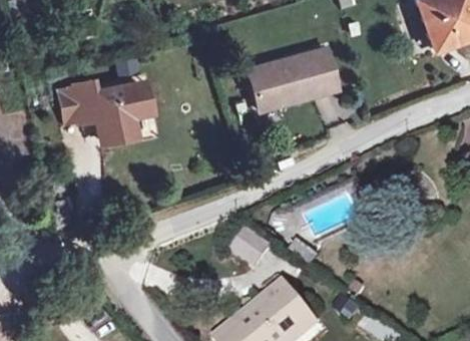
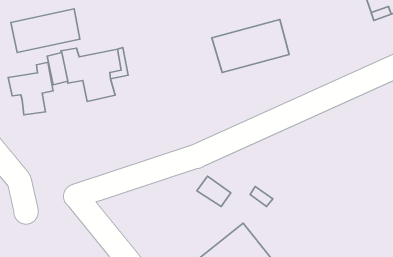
building: none -> [11,9,80,52]
building: none -> [8,62,53,115]

